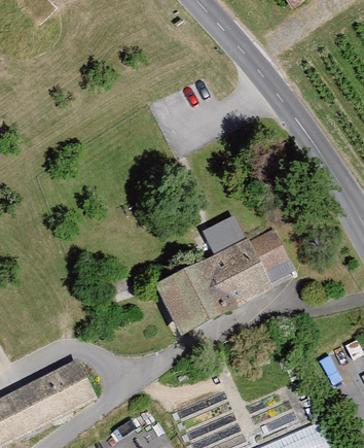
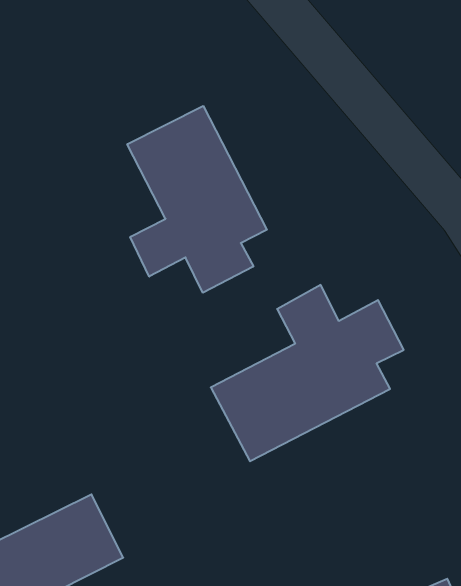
building: none -> [127,106,267,293]

